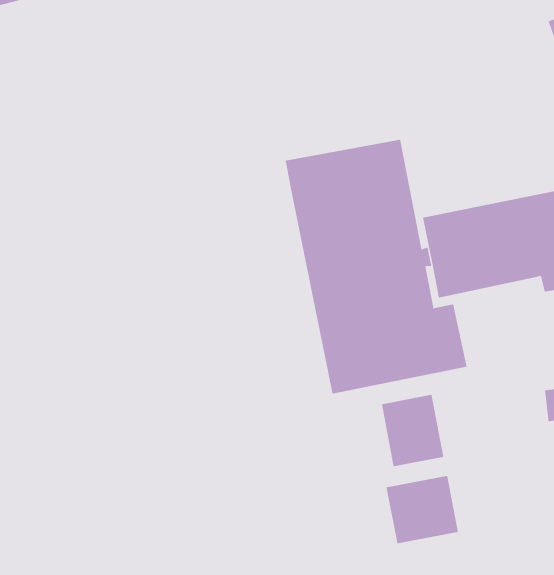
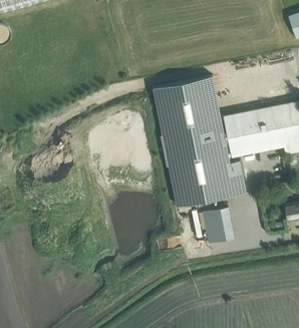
building: [386,475,459,544] -> none

